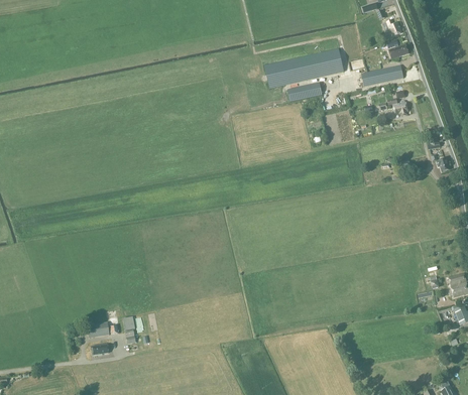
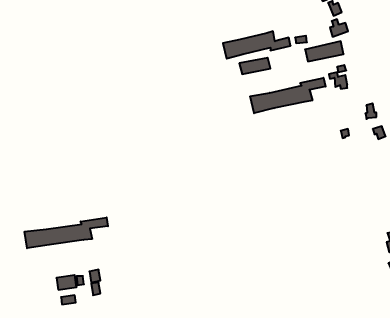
building: none -> [250,78,326,113]
building: none -> [25,217,108,248]

